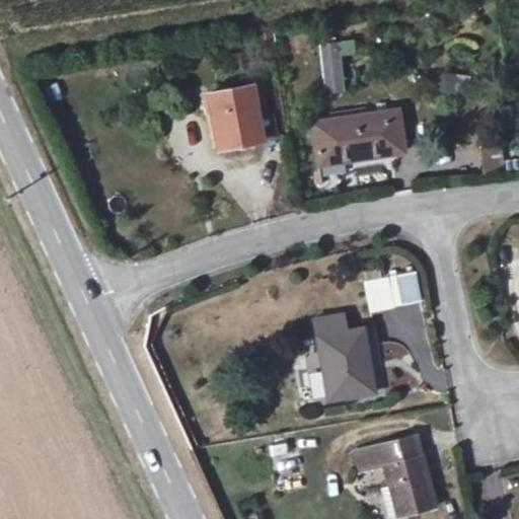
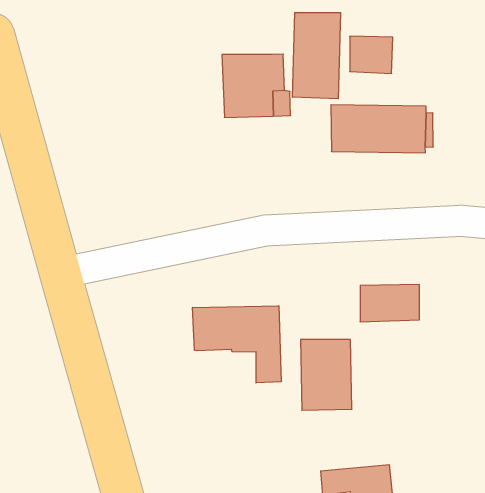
building: none -> [293,12,341,99]
building: none -> [193,306,281,383]

